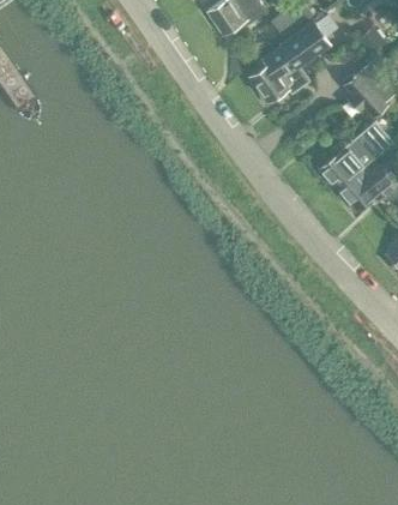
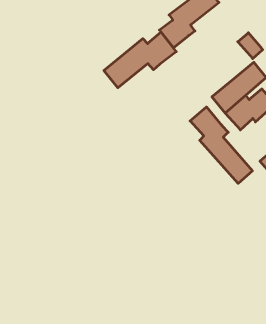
building: none -> [104,32,176,88]
building: none -> [190,107,252,183]

